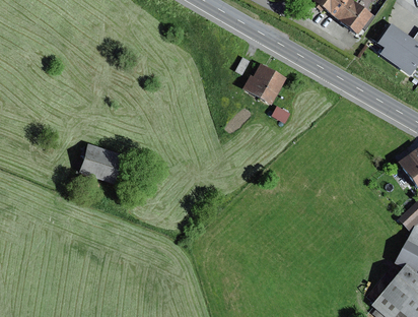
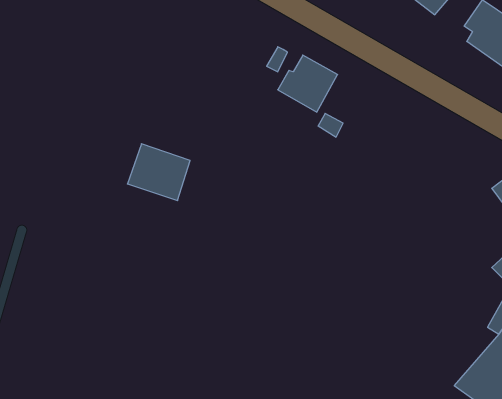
building: [79,142,125,184] -> [127,144,190,201]

